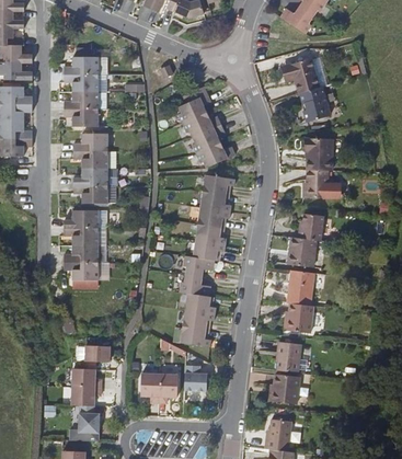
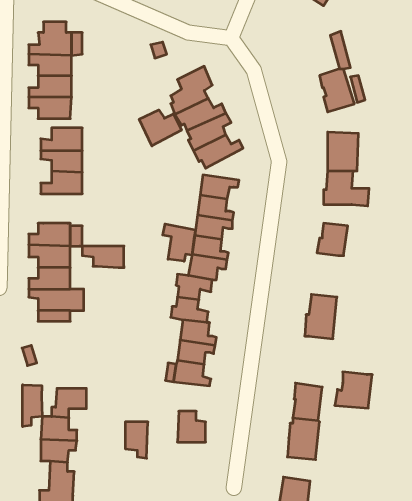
building: [286,57,317,92] -> none
building: none -> [139,110,181,146]
building: [72,187,106,205] -> [82,246,124,268]
building: none -> [163,224,196,261]
building: [287,234,315,265] -> none
building: [285,303,315,333] -> [335,372,372,408]
building: none -> [23,385,42,427]
building: [159,374,177,403] -> none

